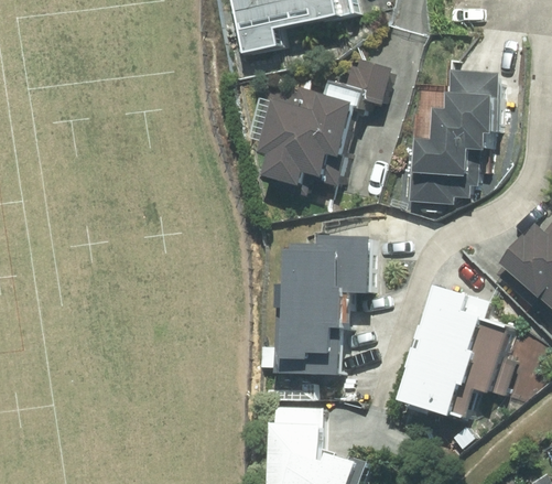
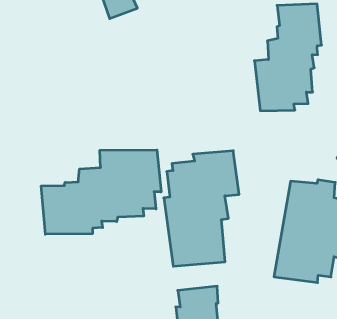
building: [259,63,391,187] -> none
building: none -> [41,150,161,234]

